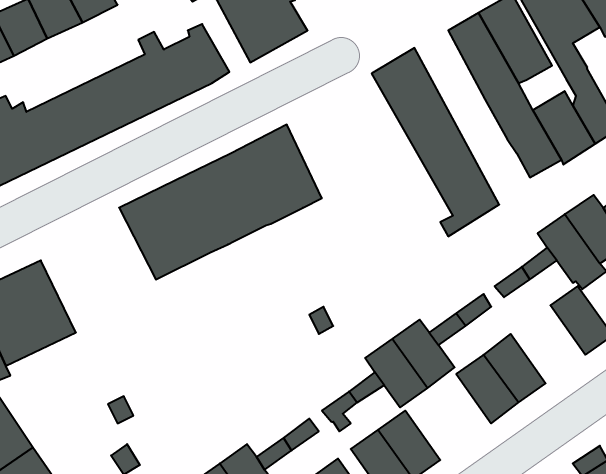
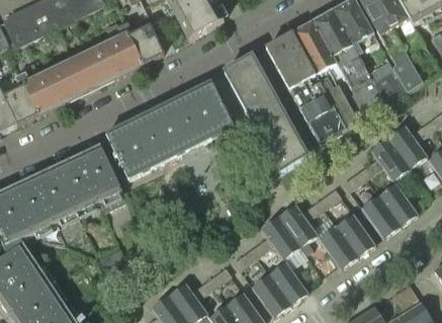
building: none -> [292,20,367,131]
building: none -> [225,55,314,172]
building: none -> [56,145,121,212]
building: none -> [361,194,401,238]

